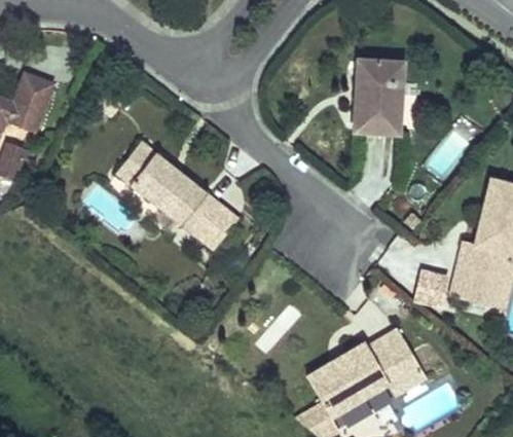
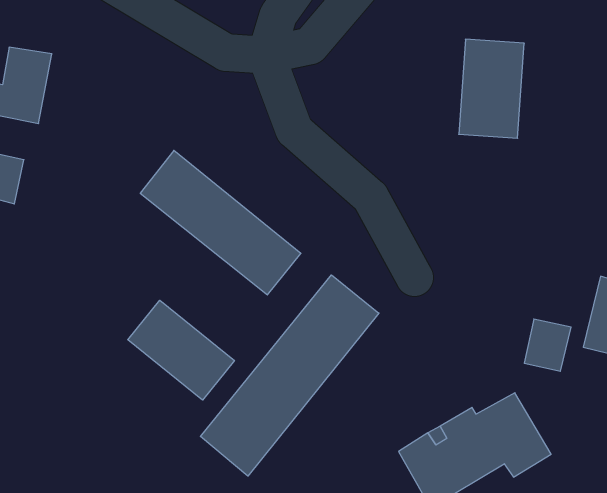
building: none -> [200,275,379,476]
building: none -> [128,300,234,400]

